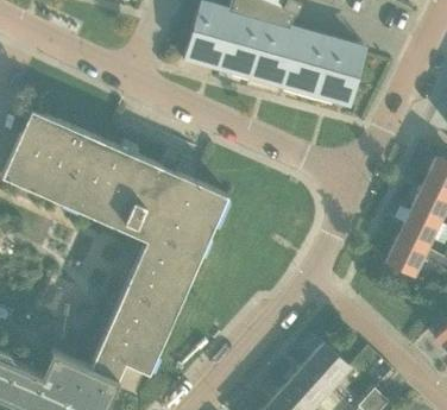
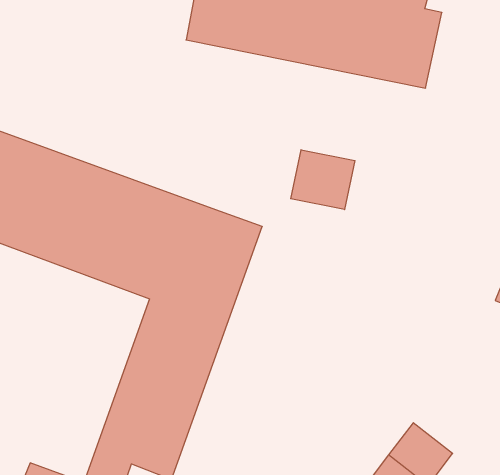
building: none -> [291,150,355,210]

